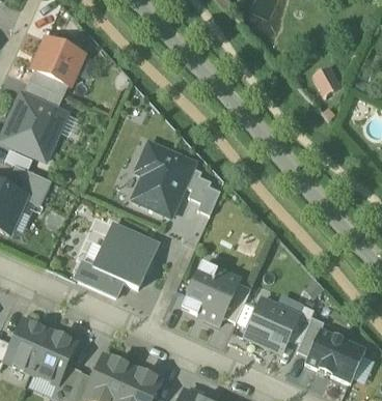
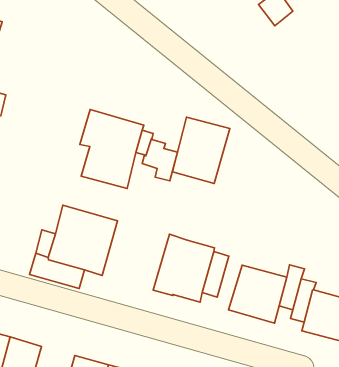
building: none -> [172,117,230,184]

